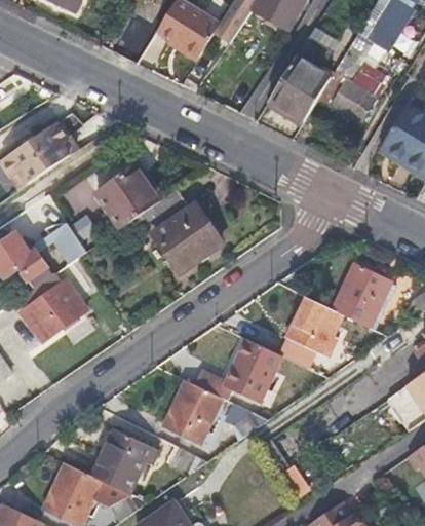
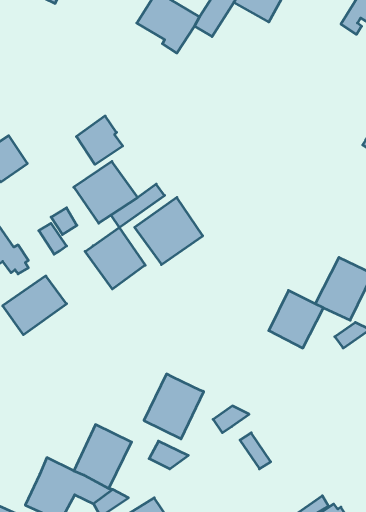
building: [330,32,376,123] -> none
building: [268,37,330,122] -> none
building: [28,122,74,171] -> [76,116,123,164]
building: none -> [85,227,145,289]
building: [191,339,281,402] -> none

